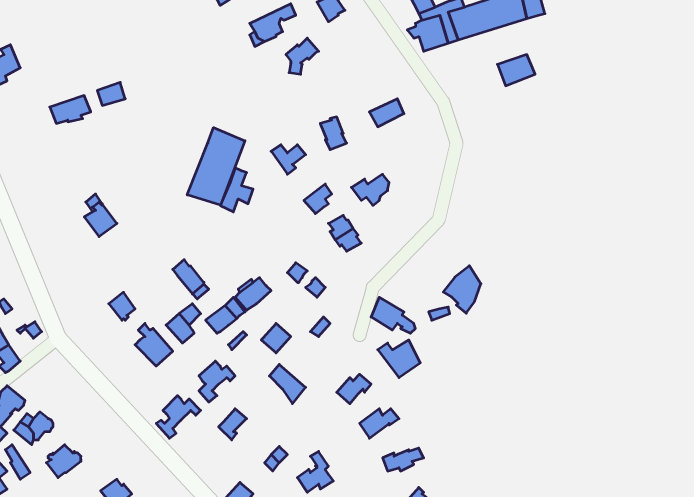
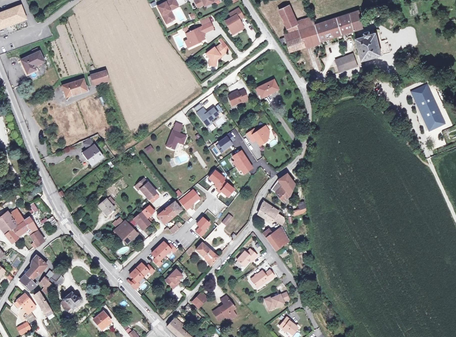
building: none -> [356,30,381,60]
building: none -> [415,91,443,129]
building: [187,128,245,205] -> none
building: [443,266,481,313] -> [271,173,294,202]

